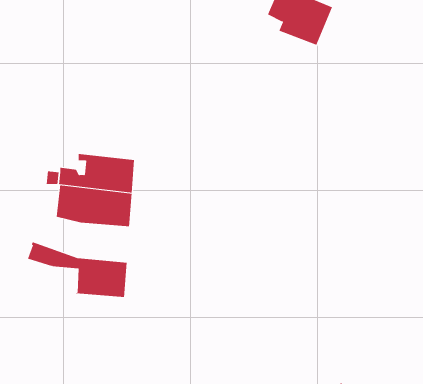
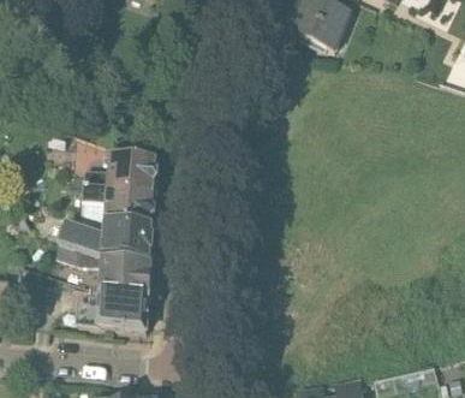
building: none -> [58,221,153,260]
building: none -> [76,287,151,331]

